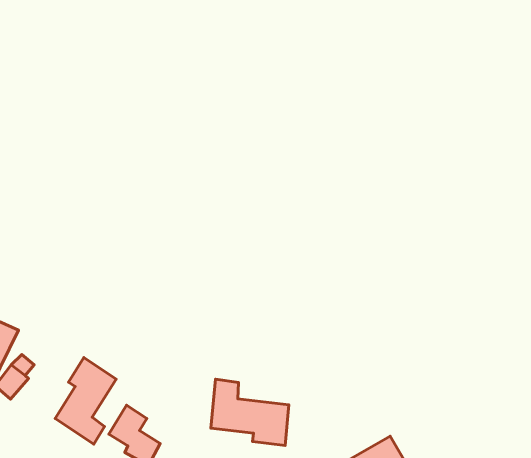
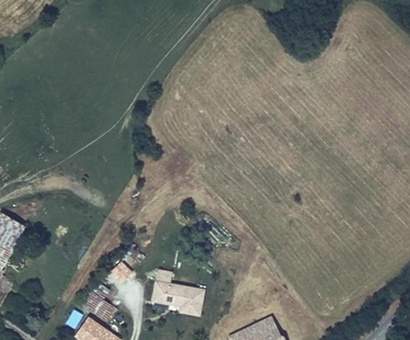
building: [55,357,116,444] -> none

